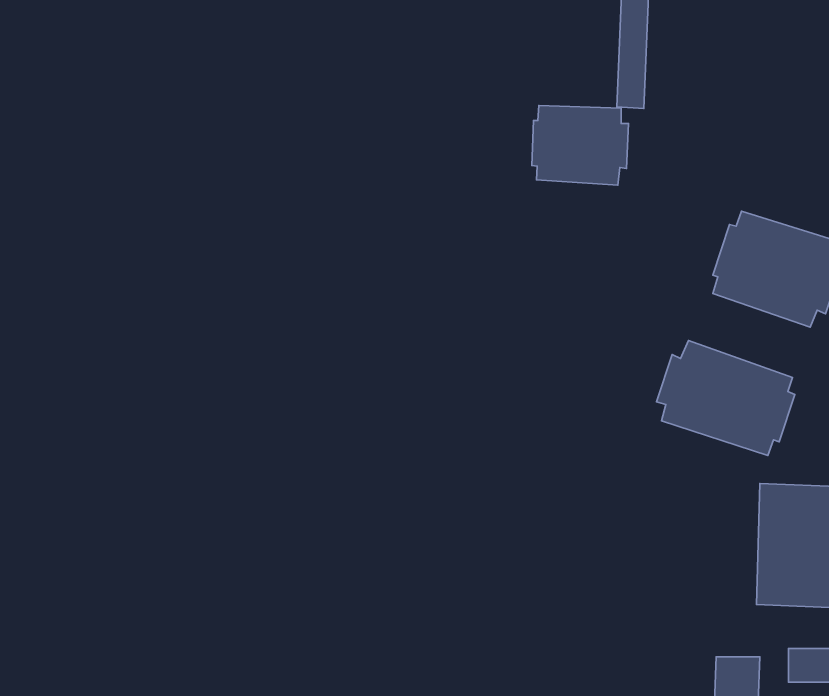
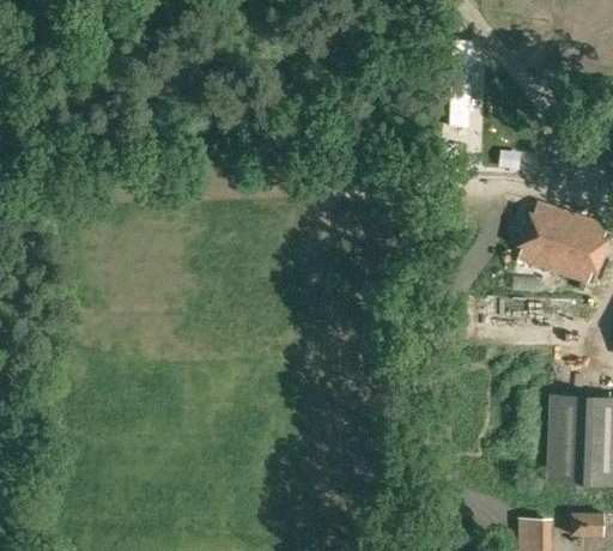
building: [532,106,629,185] -> none
building: [656,341,795,455] -> none

